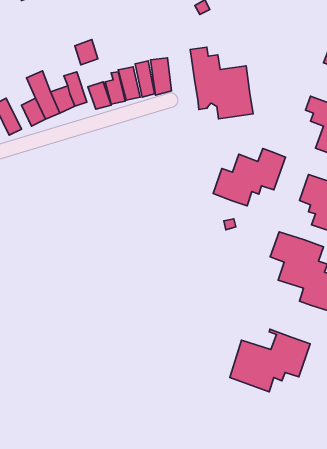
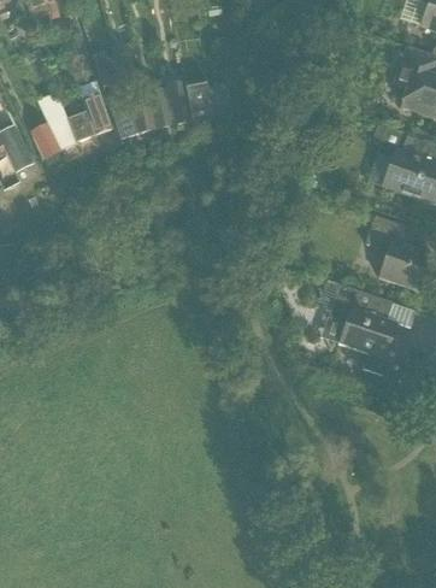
building: [190,47,253,119] -> none
building: [213,149,286,206] -> none
building: [230,329,310,392] -> none

